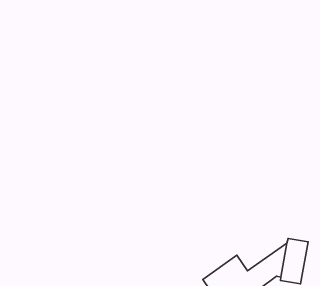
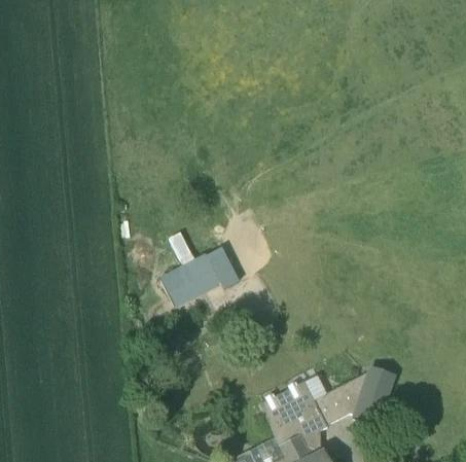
building: none -> [164,244,241,307]

